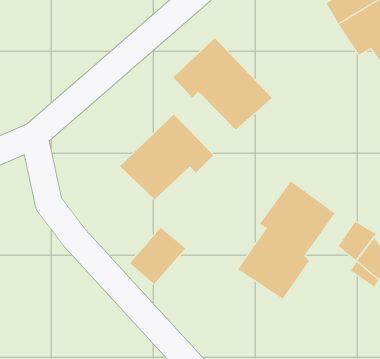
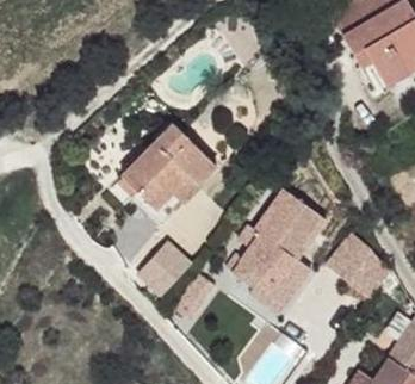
building: [173,37,273,131] -> none

